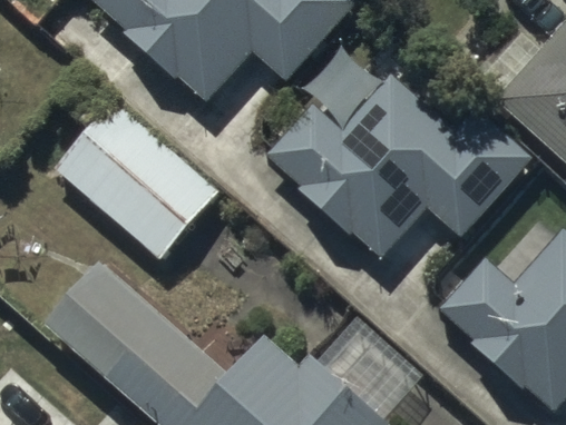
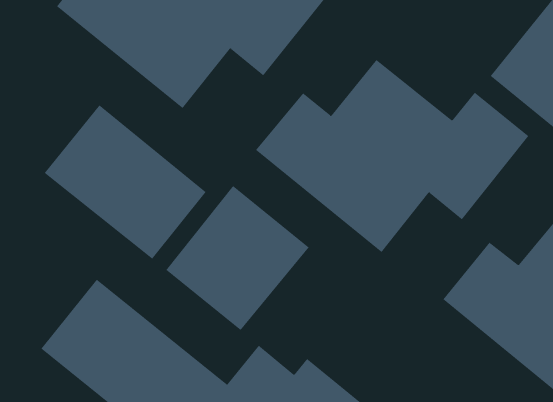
building: none -> [165,185,309,331]

